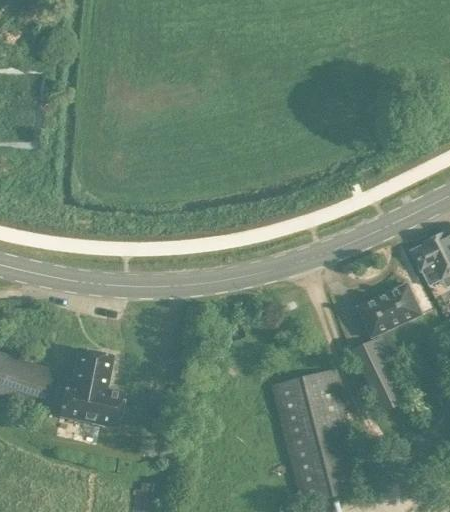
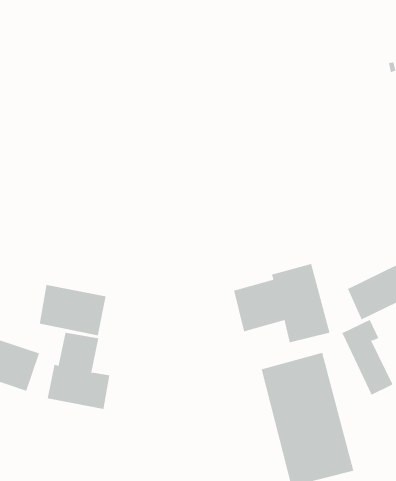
building: none -> [234,263,330,343]
building: none -> [39,284,106,336]

